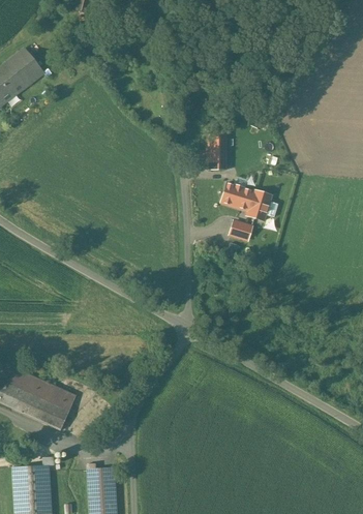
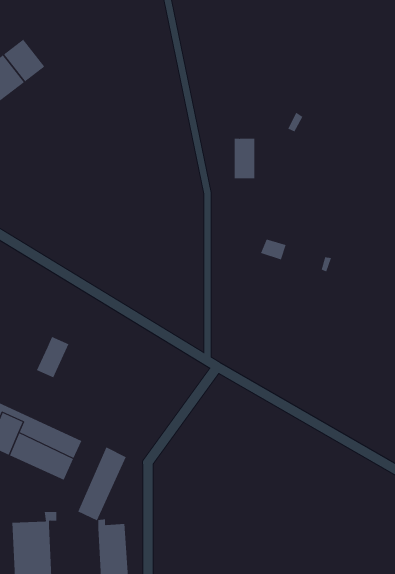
building: [221,183,271,220] -> none
building: none -> [36,336,69,378]
building: none -> [78,447,126,521]

